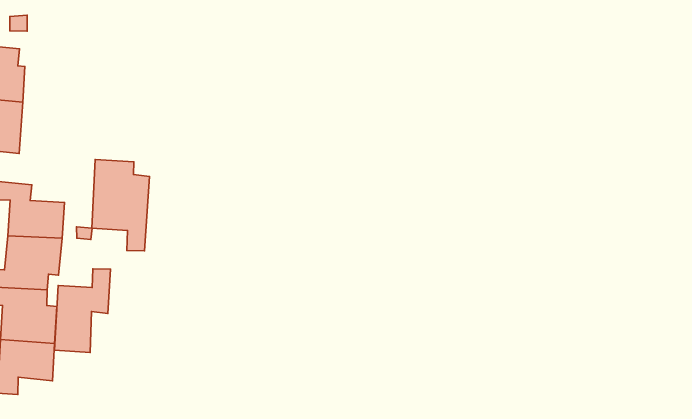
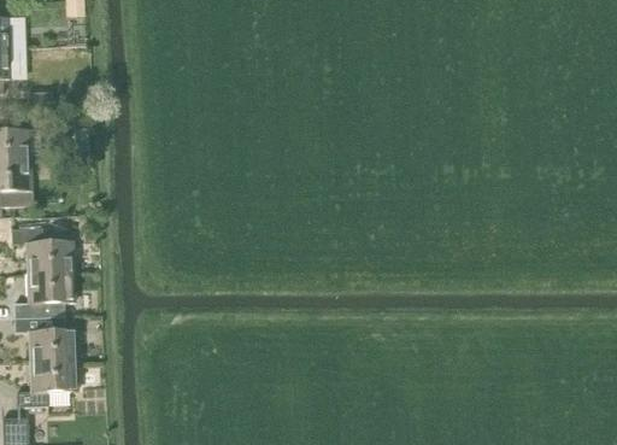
building: [92,159,150,251] -> none
building: [55,269,111,352] -> none

